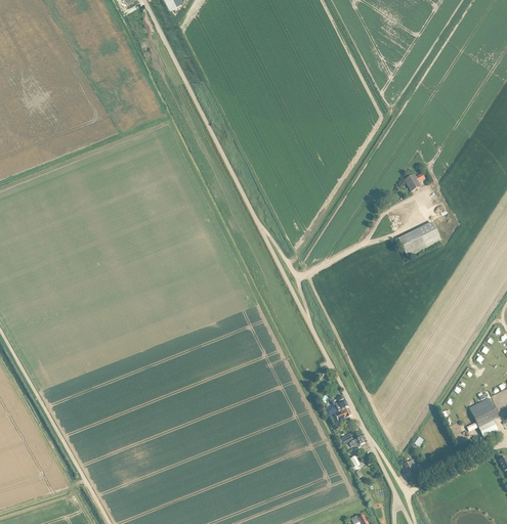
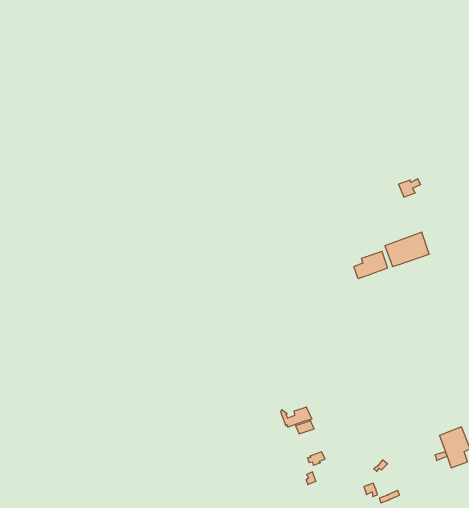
building: none -> [354,251,388,279]

